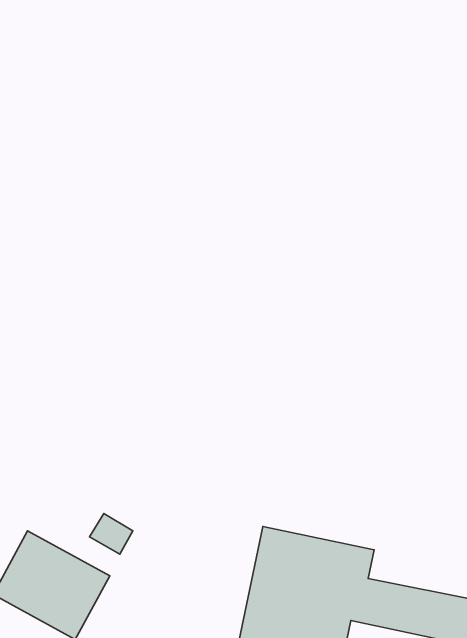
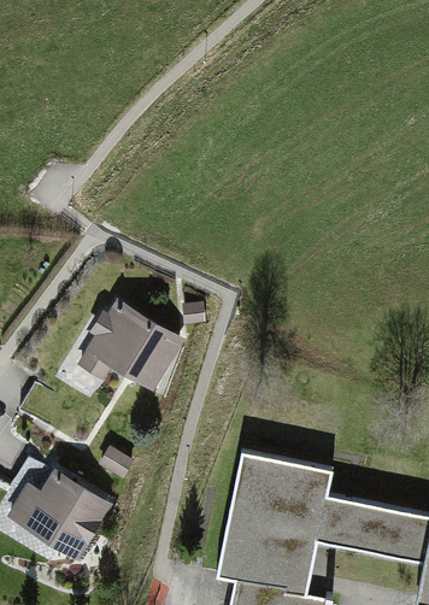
building: none -> [81,301,183,397]

